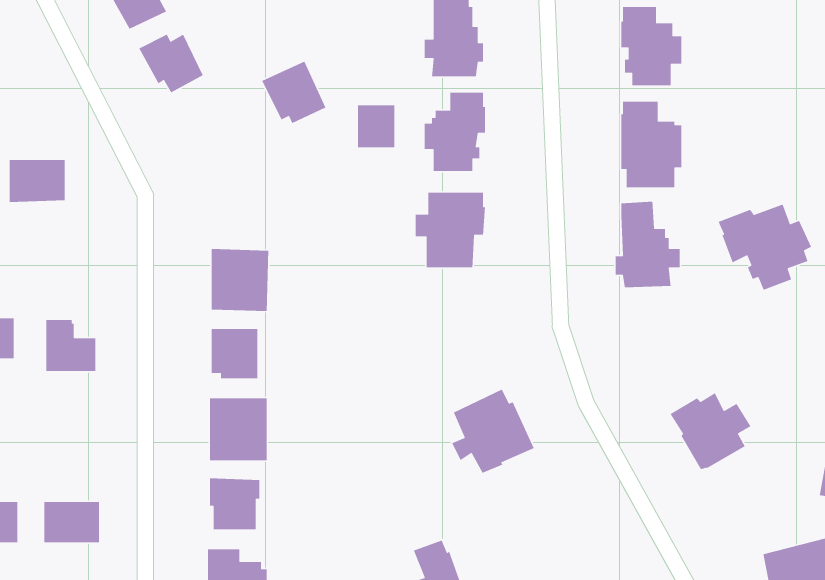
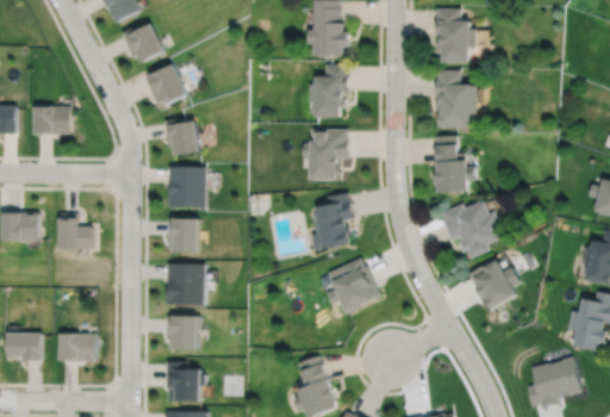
building: [261,60,327,124] -> [144,67,187,108]
building: [357,105,395,148] -> none
building: none -> [163,120,199,158]
building: [718,203,812,291] -> [441,201,503,259]
building: none -> [309,193,353,250]

